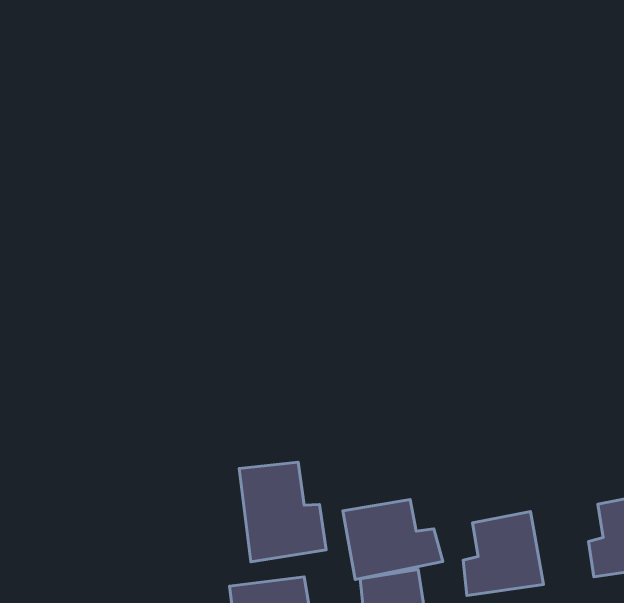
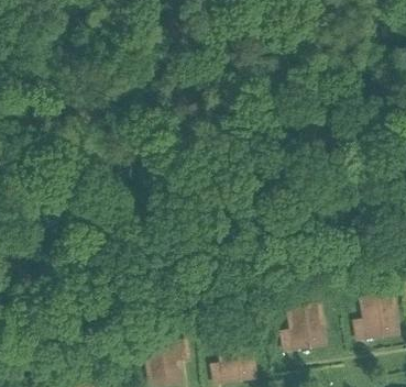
building: [239,462,326,562] -> none
building: [343,499,443,580] -> none

